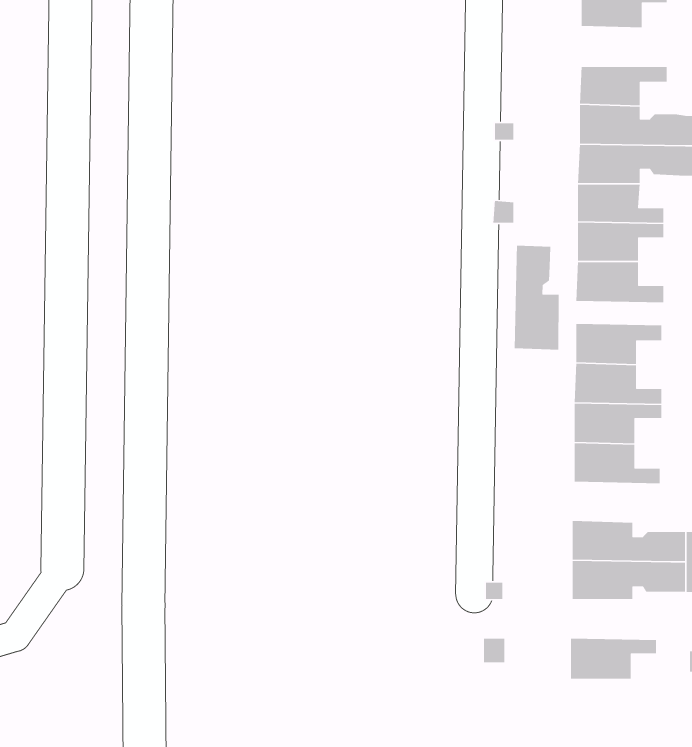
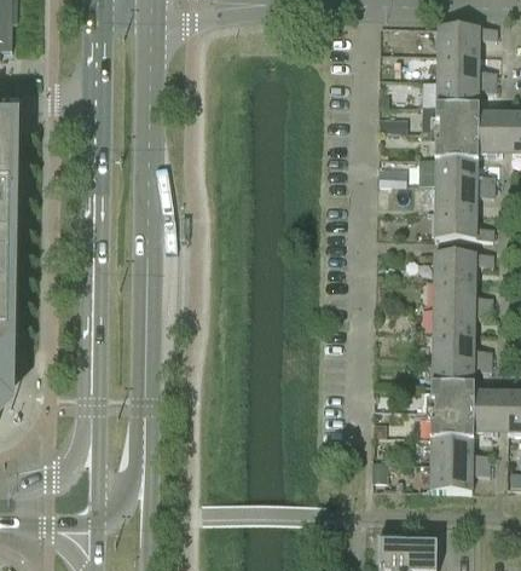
building: none -> [438,52,496,79]
building: [514,245,560,351] -> none
building: none -> [432,357,491,383]
building: none -> [430,436,490,462]

